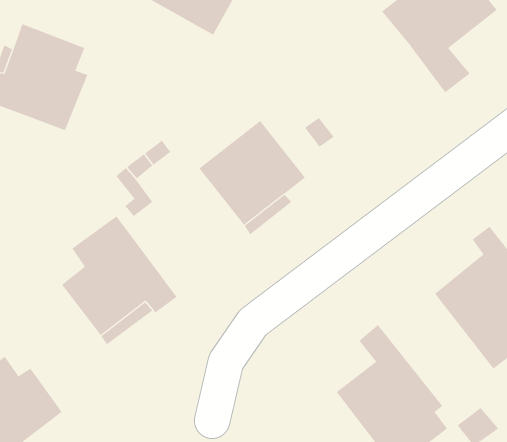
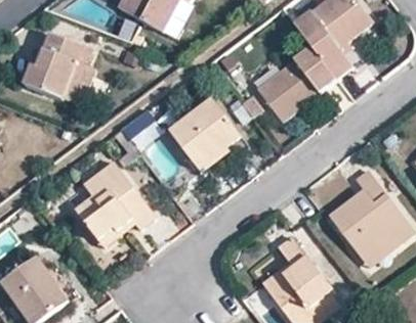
building: none -> [255,45,335,120]

